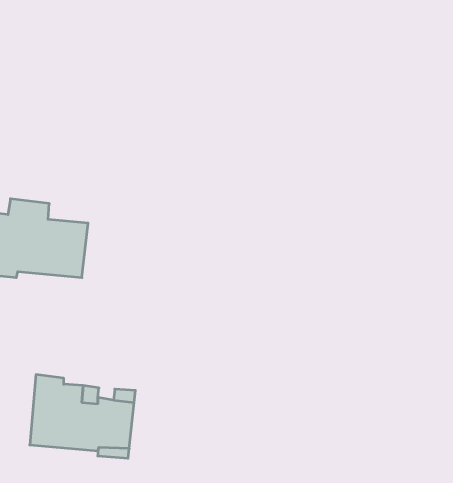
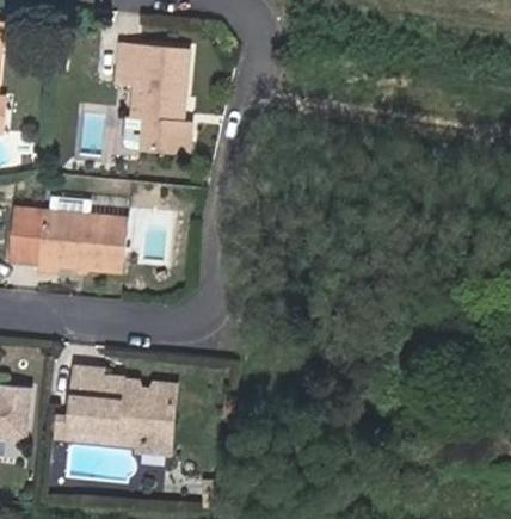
building: none -> [117,42,193,153]

